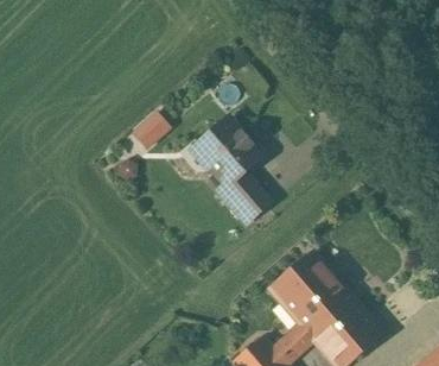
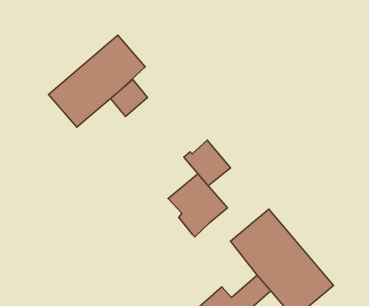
building: none -> [49,35,145,127]
building: [198,116,265,187] -> [168,174,228,237]

